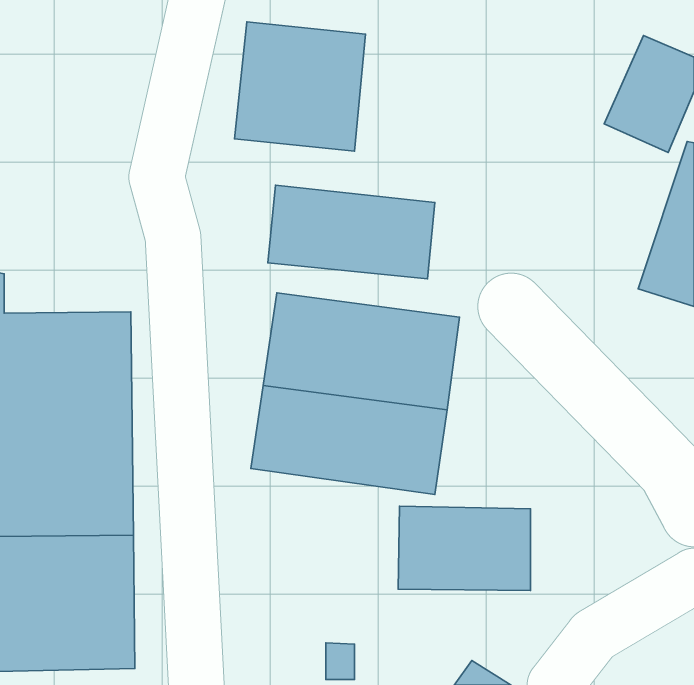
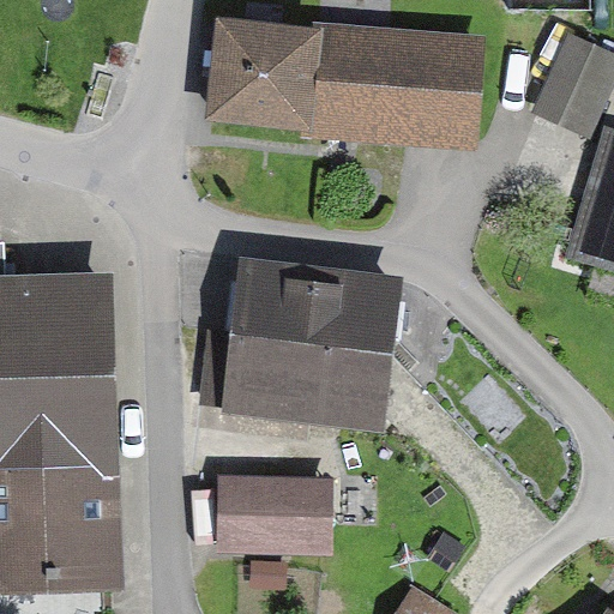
building: none -> [312,30,483,148]
building: [268,185,435,279] -> none
building: [398,506,530,591] -> [219,474,336,548]

